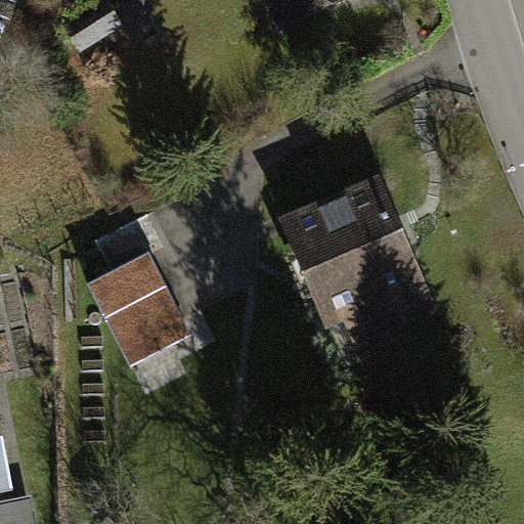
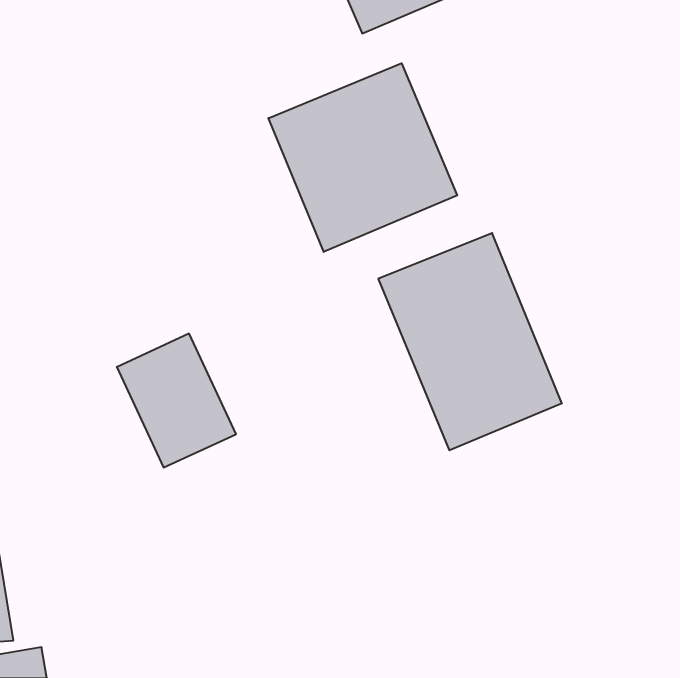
building: none -> [268,63,457,252]

